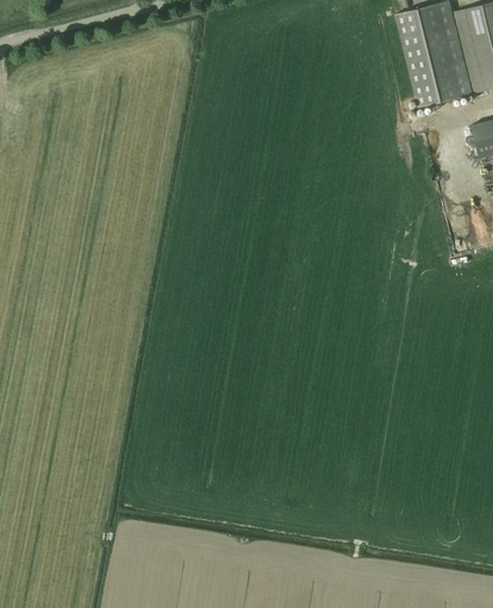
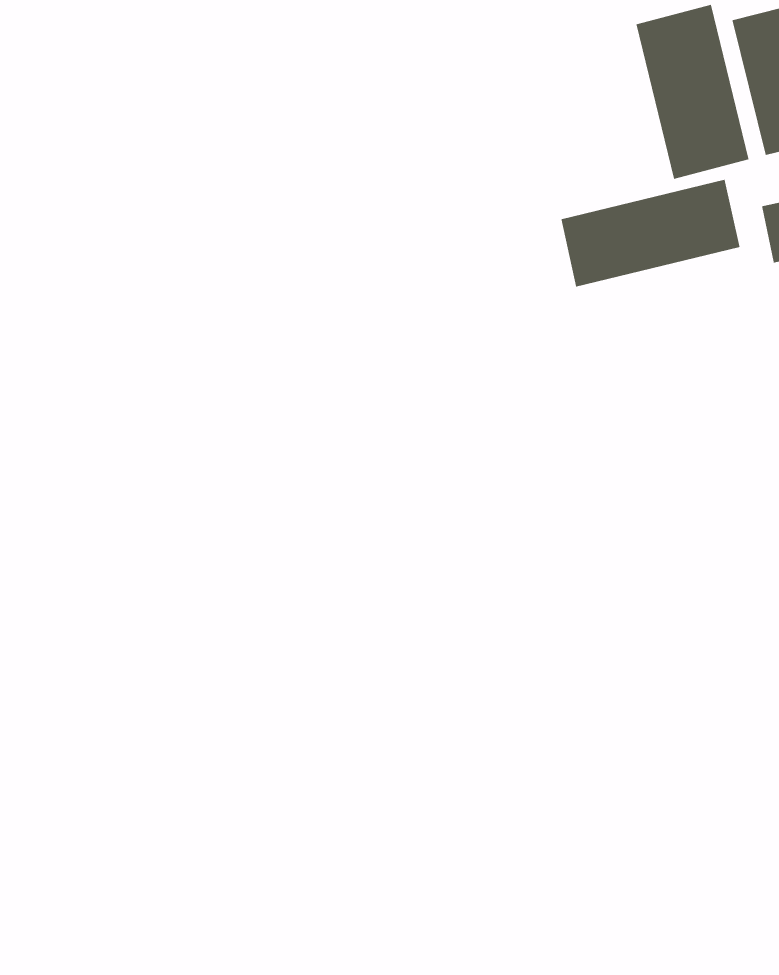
building: none -> [561,179,740,288]

